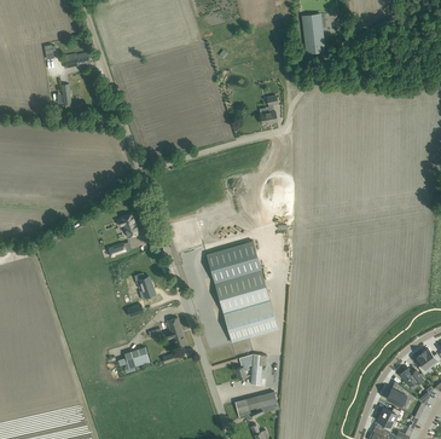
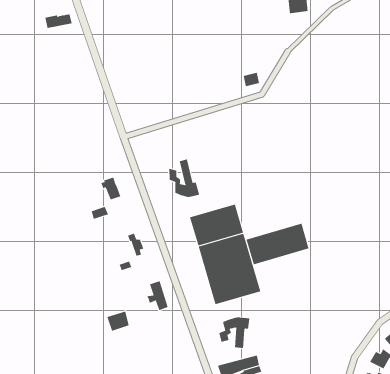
building: none -> [169,158,200,198]
building: none -> [246,223,309,265]

